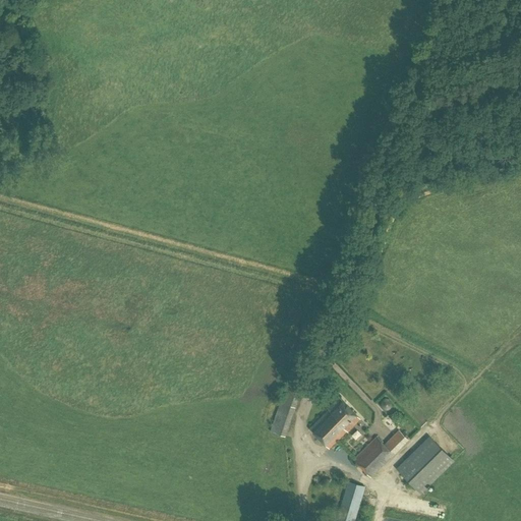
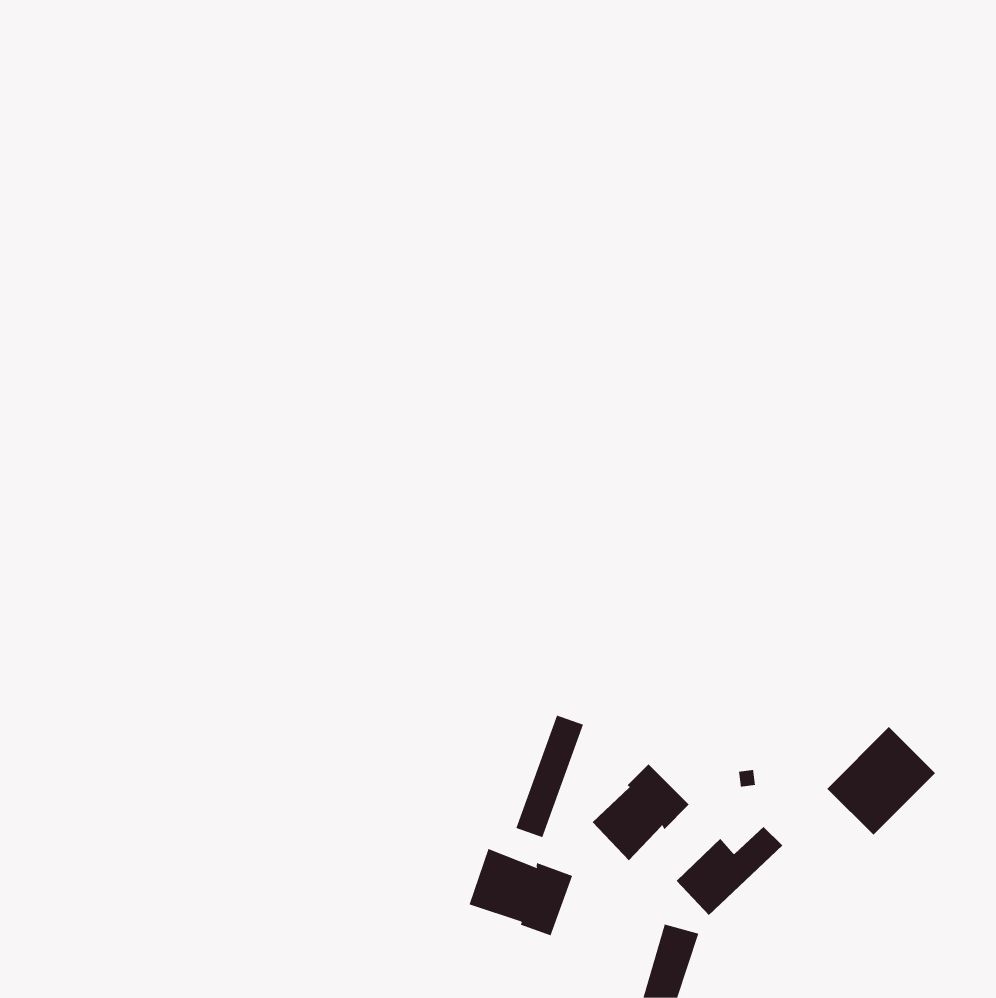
building: [396,437,453,494] -> [826,726,936,836]
building: none -> [469,848,573,936]

